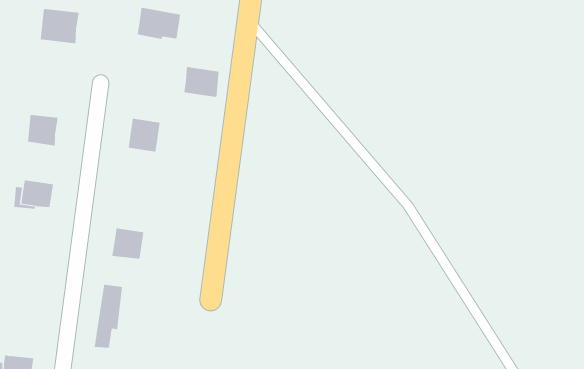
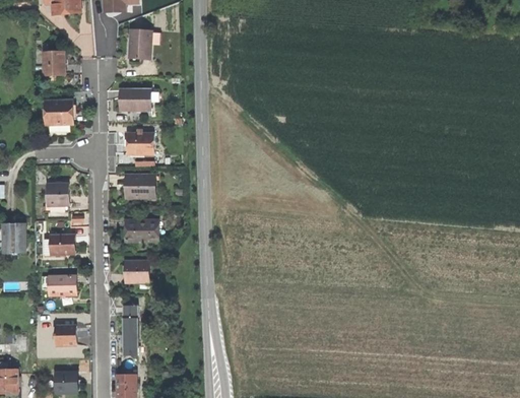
building: [184,66,220,98] -> [126,133,153,153]
building: none -> [124,219,157,241]
building: none -> [48,275,75,295]
building: none -> [55,325,75,345]

